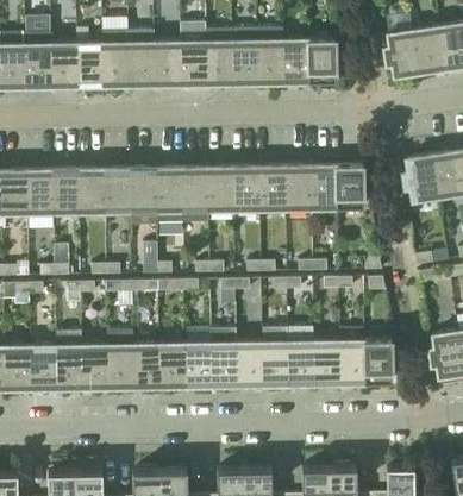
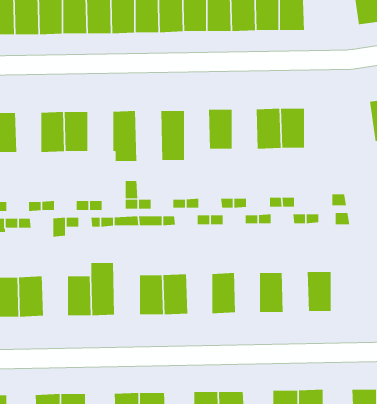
building: [337,164,364,208] -> none
building: [208,167,234,211] -> none
building: [259,167,286,209] -> none
building: [156,168,183,222] -> none
building: [105,169,131,212] -> none
building: [27,170,54,213] -> none
building: [211,327,237,385] -> none
building: [262,327,288,384] -> none
building: [56,332,82,388] -> none
building: [313,340,340,384] -> none
building: [365,340,393,383] -> none
building: [133,344,159,387] -> none

